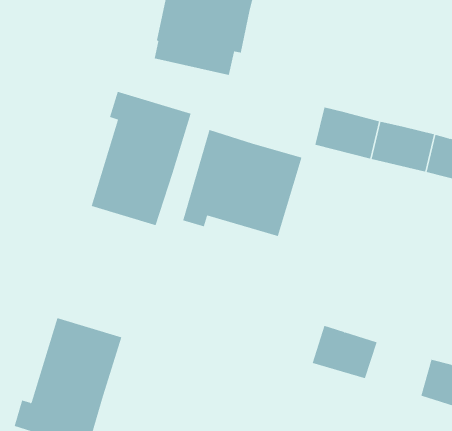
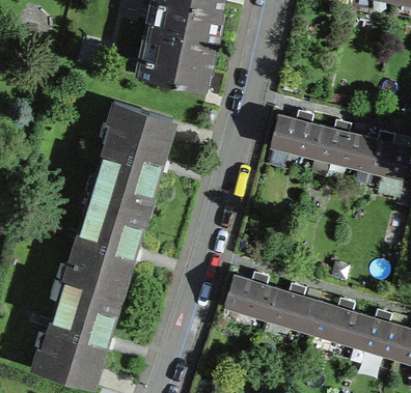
building: [182,129,302,237] -> none
building: none -> [64,195,143,299]
building: none -> [223,277,276,319]
building: none -> [309,303,361,345]

